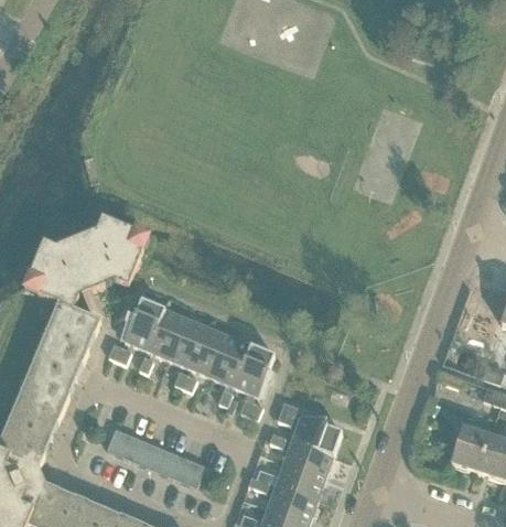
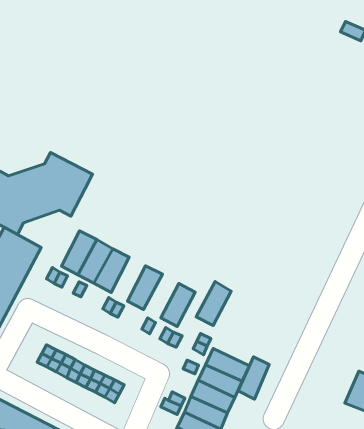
building: [182,323,217,372] -> none
building: [219,338,256,387] -> [196,282,231,325]
building: none -> [238,357,269,399]

